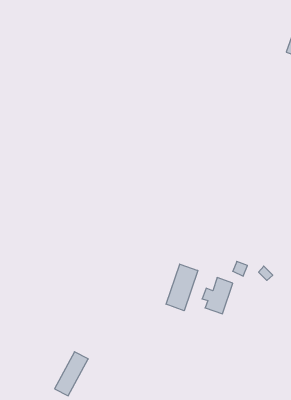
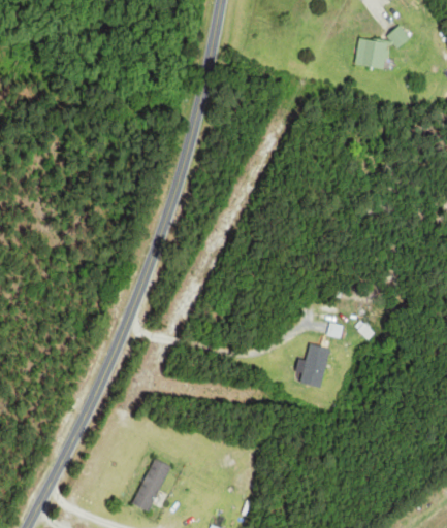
building: [166,264,198,311] -> none

